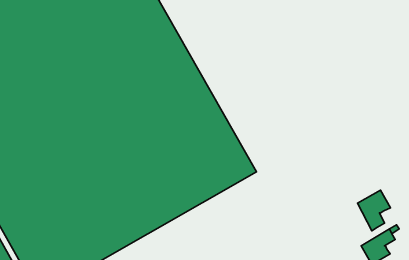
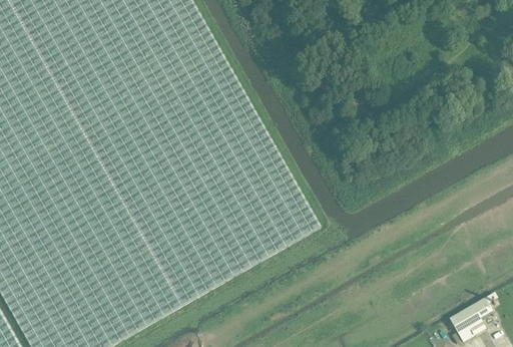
building: [358,190,390,231] -> none

